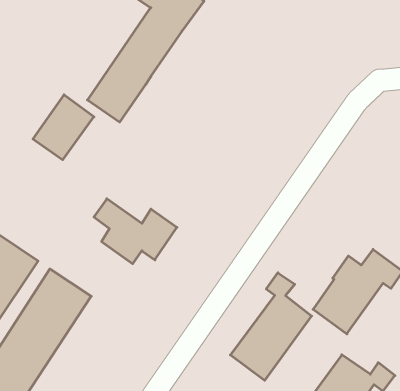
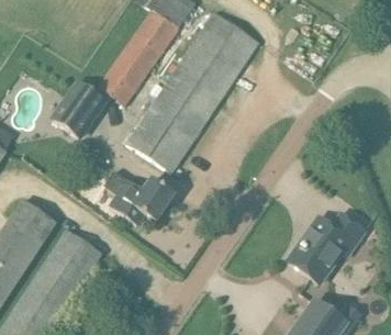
building: none -> [126,11,258,172]
building: [230,273,312,380] -> none

